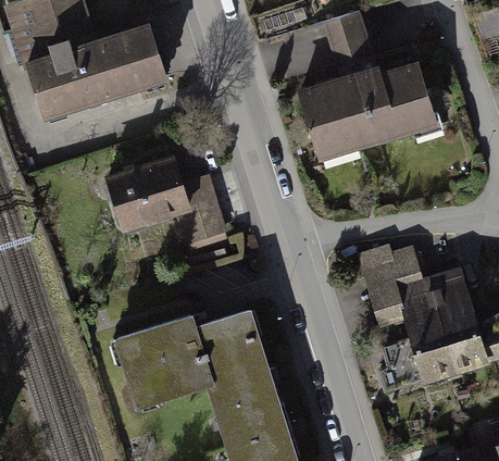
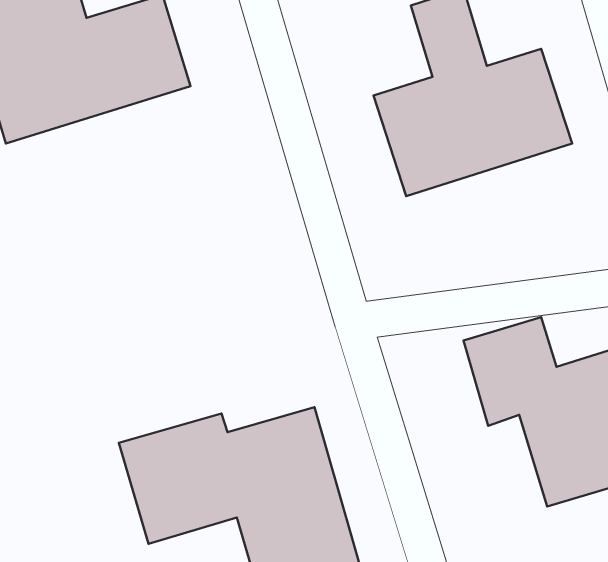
building: [104,154,226,251] -> none

